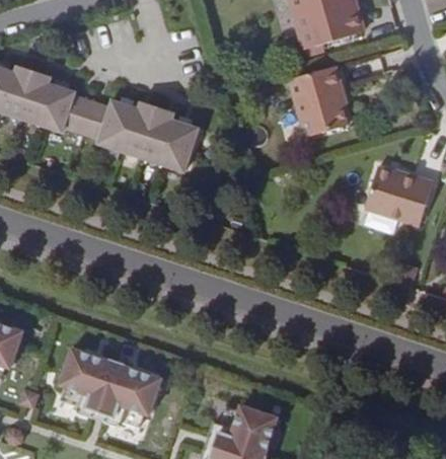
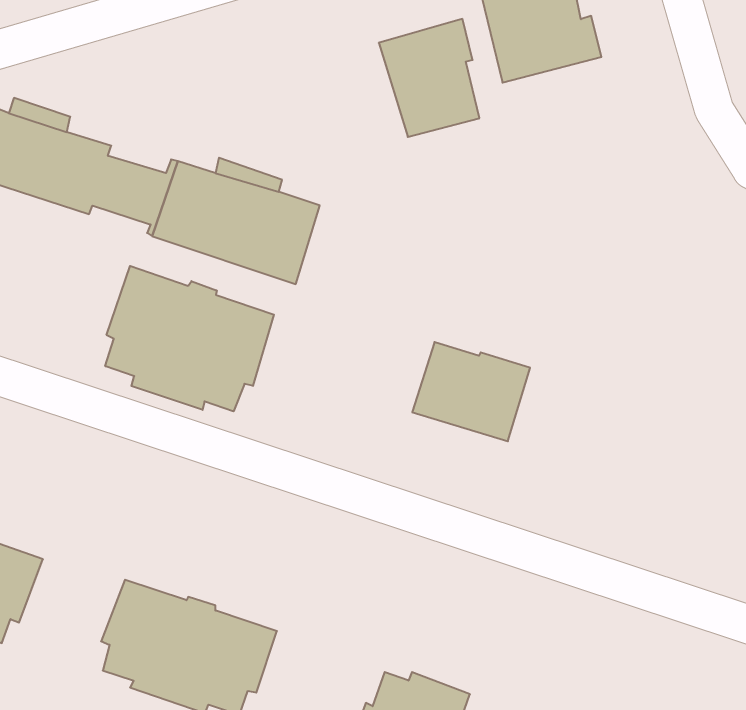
building: [280,66,340,136] -> [379,19,479,137]
building: none -> [105,266,274,411]
building: [361,173,431,232] -> [412,342,530,441]

